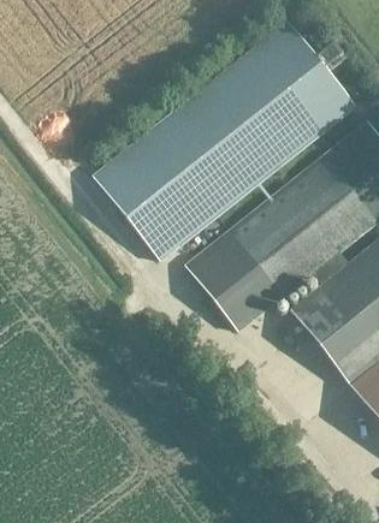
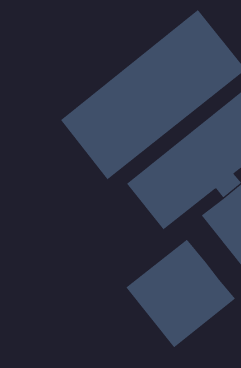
building: none -> [126,239,236,348]

